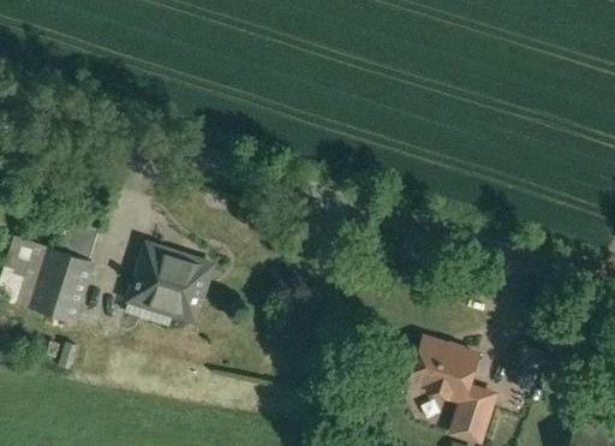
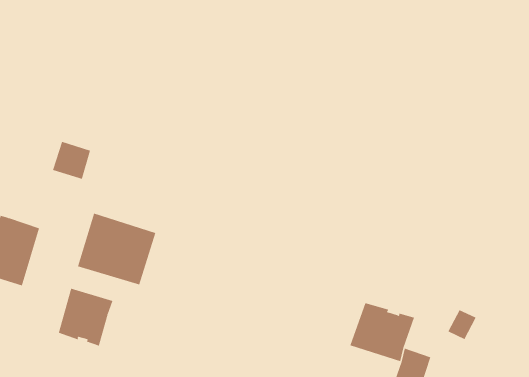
building: [58,221,97,261] -> [52,141,91,180]
building: none -> [58,288,113,346]

